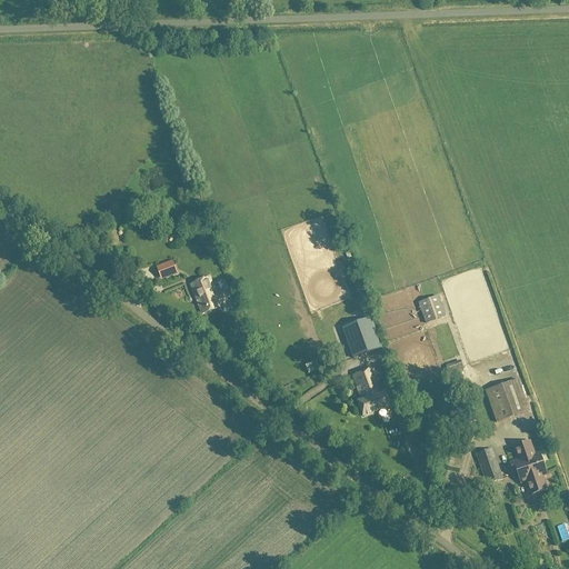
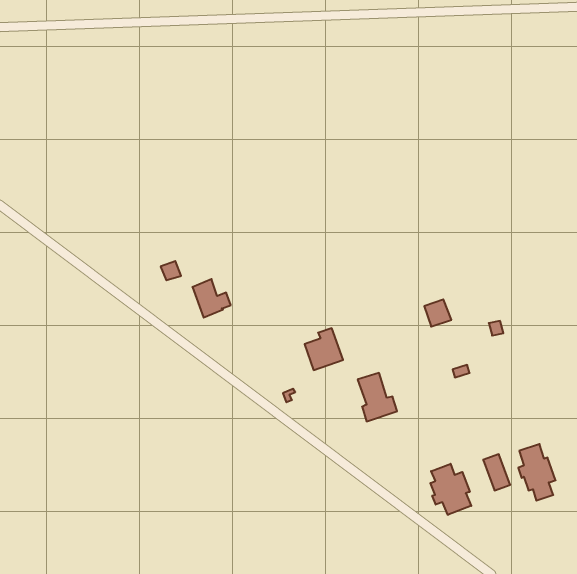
building: [342,315,380,356] -> [305,328,343,370]
building: [483,378,527,420] -> none
building: none -> [430,464,471,515]

